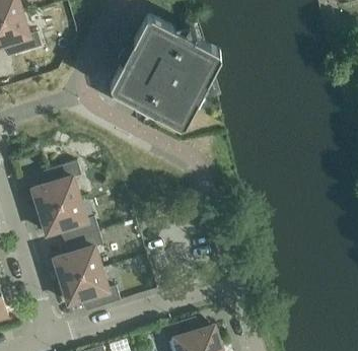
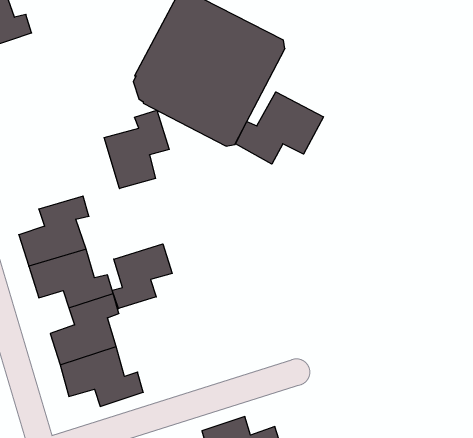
building: none -> [235,92,323,164]
building: none -> [104,110,169,189]
building: none -> [112,244,172,309]

